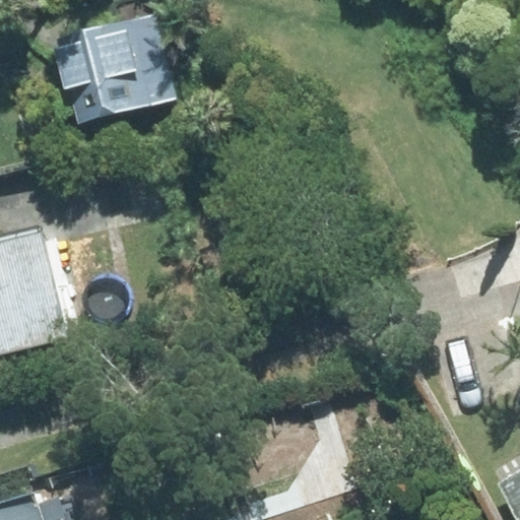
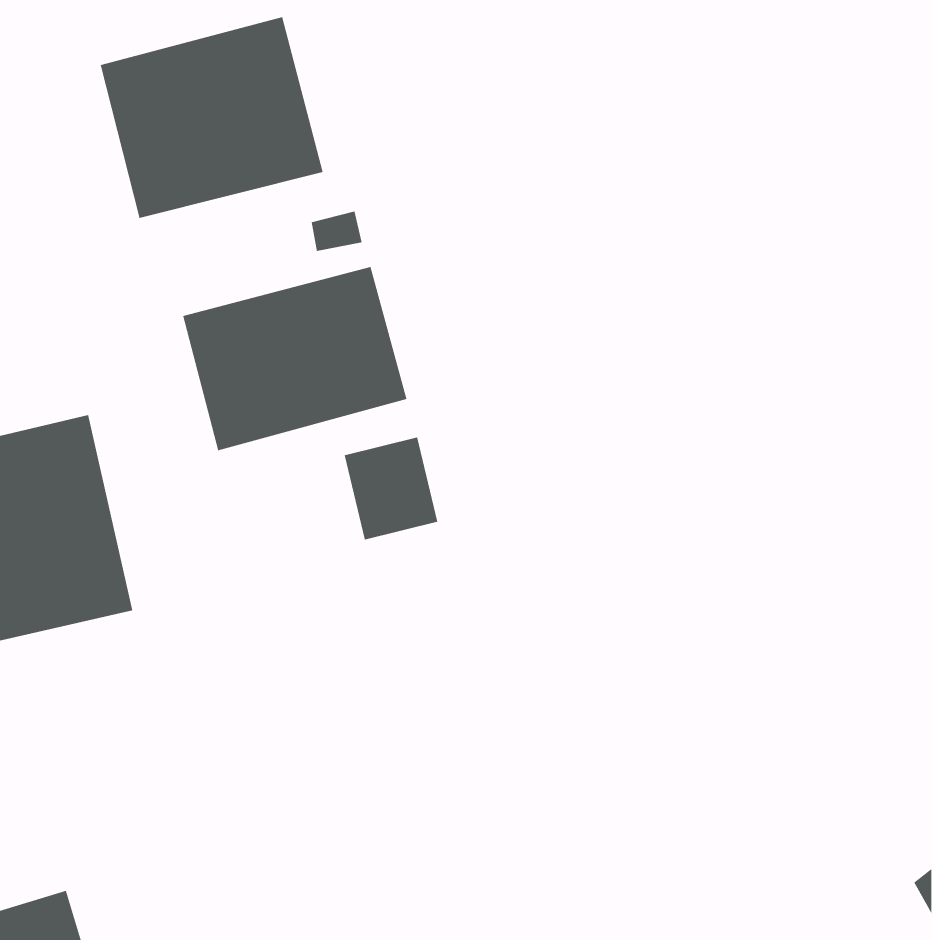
building: none -> [182,266,407,451]

